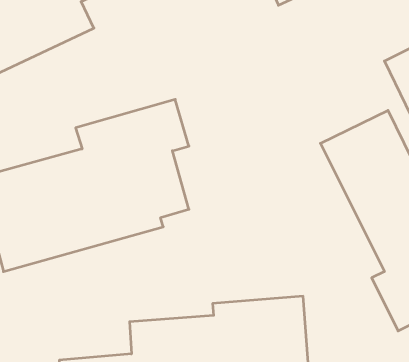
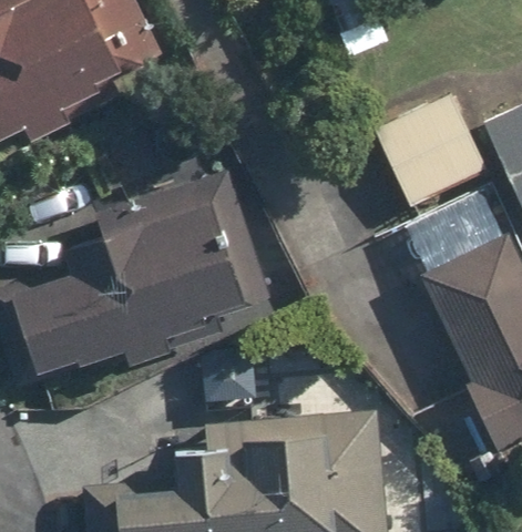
building: none -> [378,94,487,207]

